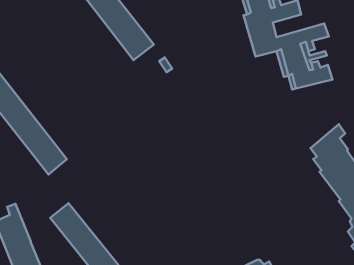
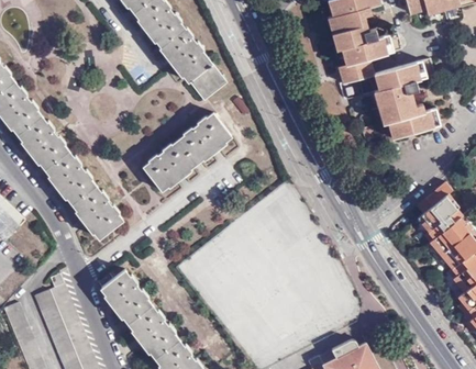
building: none -> [143,113,231,191]

